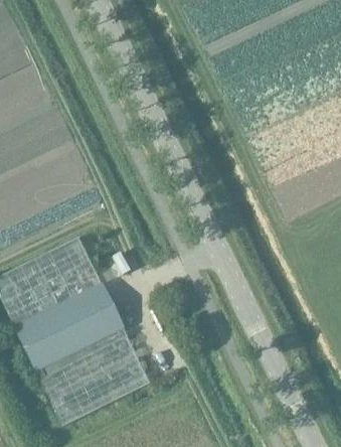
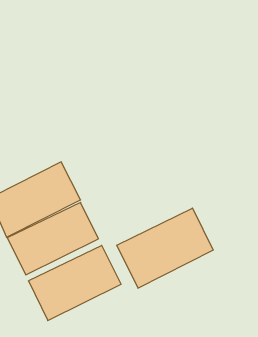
building: none -> [117,208,213,288]

